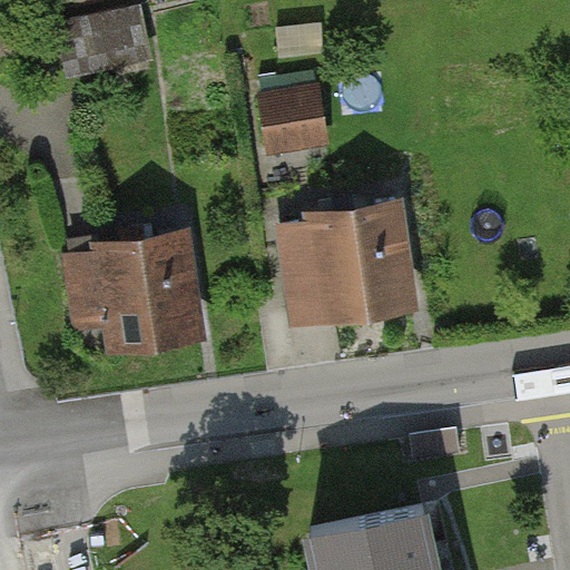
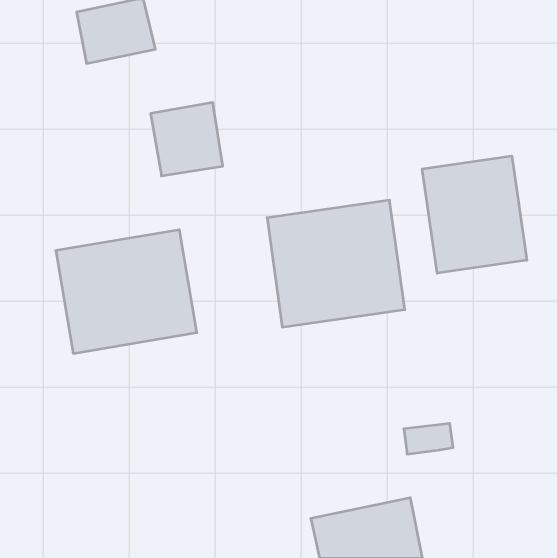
building: [262,81,335,156] -> [151,103,223,176]
building: none -> [422,156,527,273]

